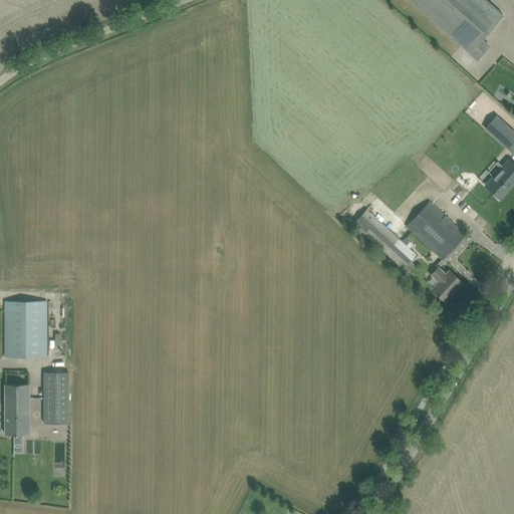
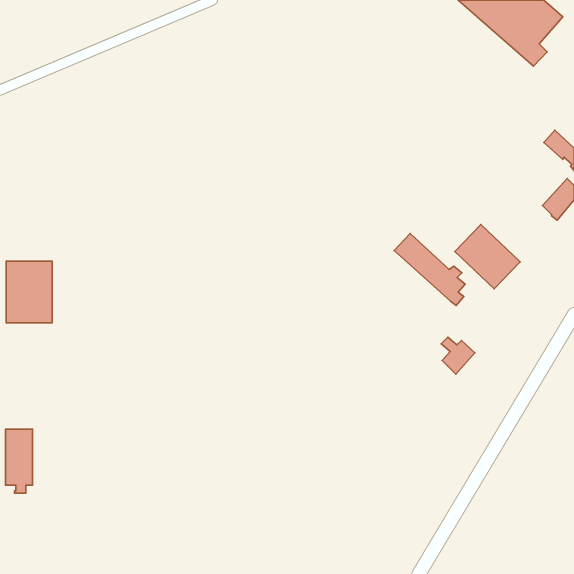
building: [432,268,462,301] -> [441,337,475,374]
building: [5,301,46,356] -> [6,261,52,323]
building: [44,372,68,423] -> none

